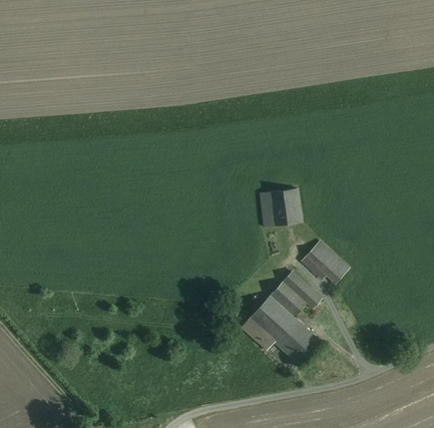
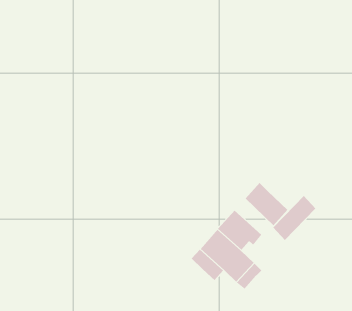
building: [268,186,308,228] -> none
building: none -> [272,195,316,241]

